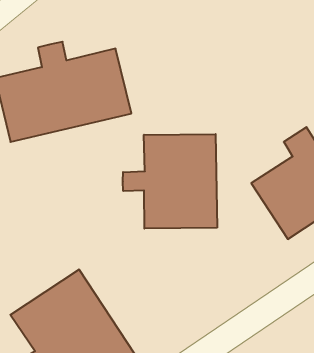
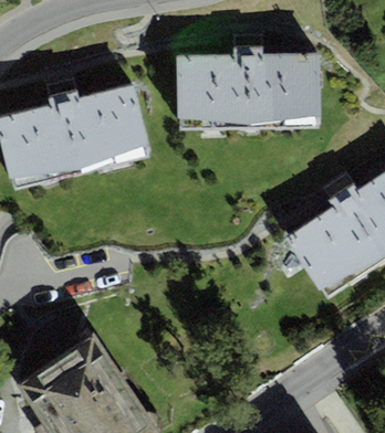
building: none -> [178,33,320,128]
building: [123,134,217,229] -> none

